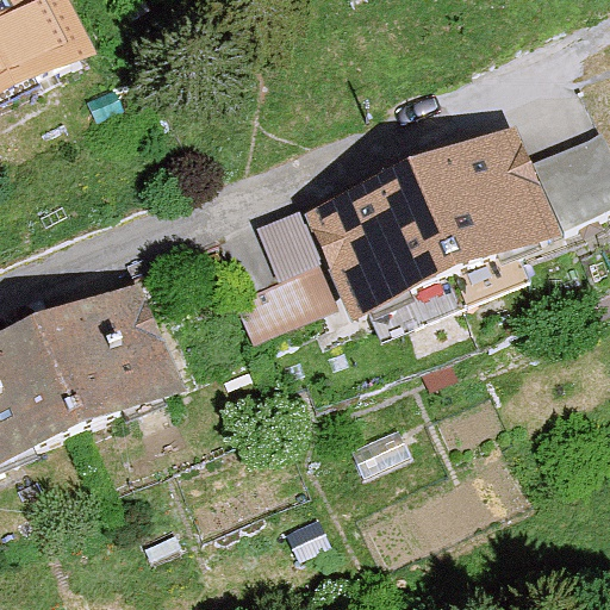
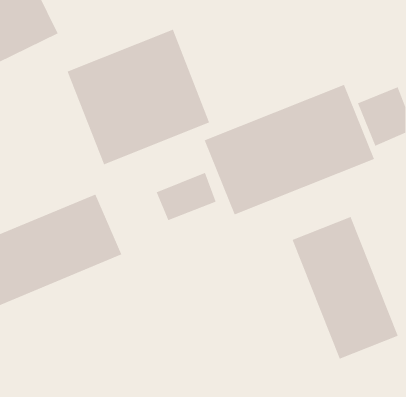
building: none -> [67,29,210,165]
building: none -> [292,216,399,359]

